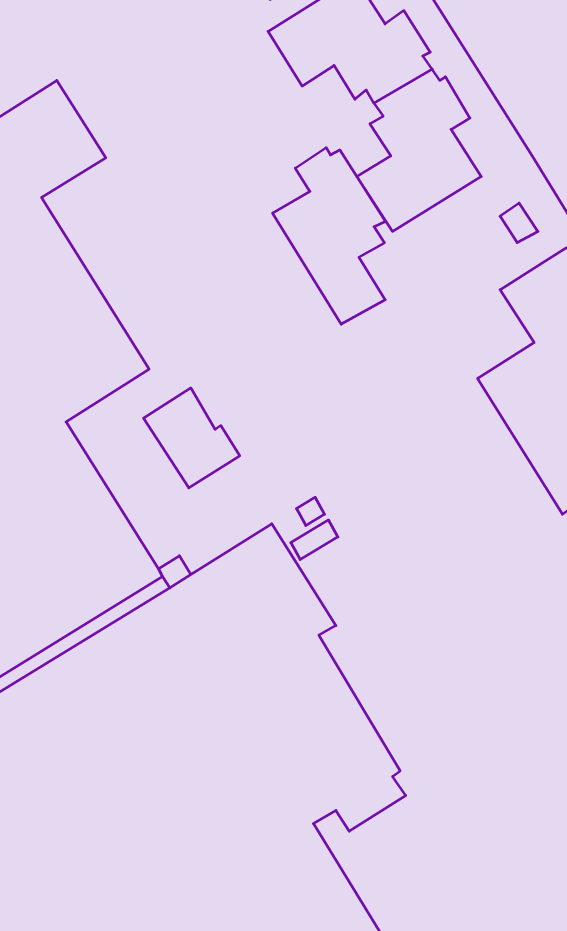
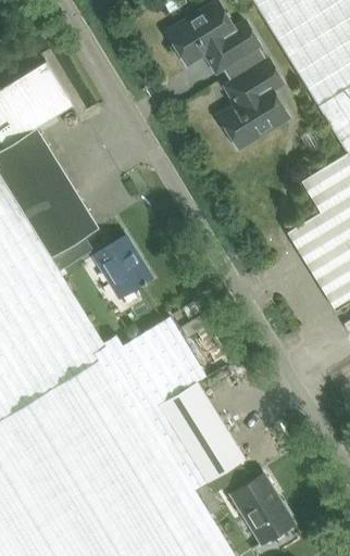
building: [273,148,385,324] -> none
building: none -> [230,475,292,542]

